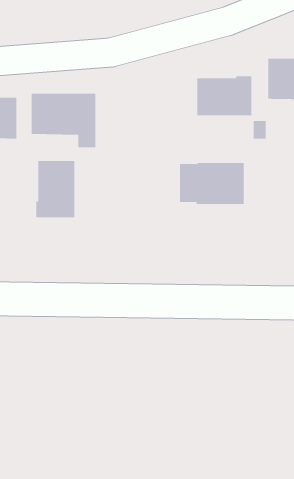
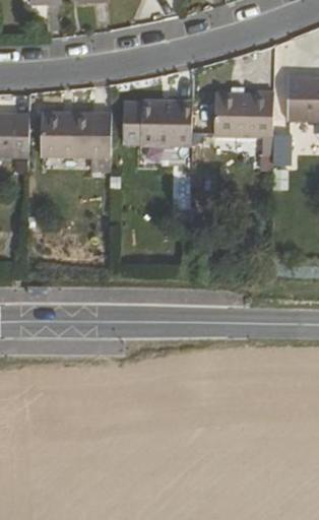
building: [36,160,75,218] -> none
building: [179,163,245,205] -> [123,100,191,143]

